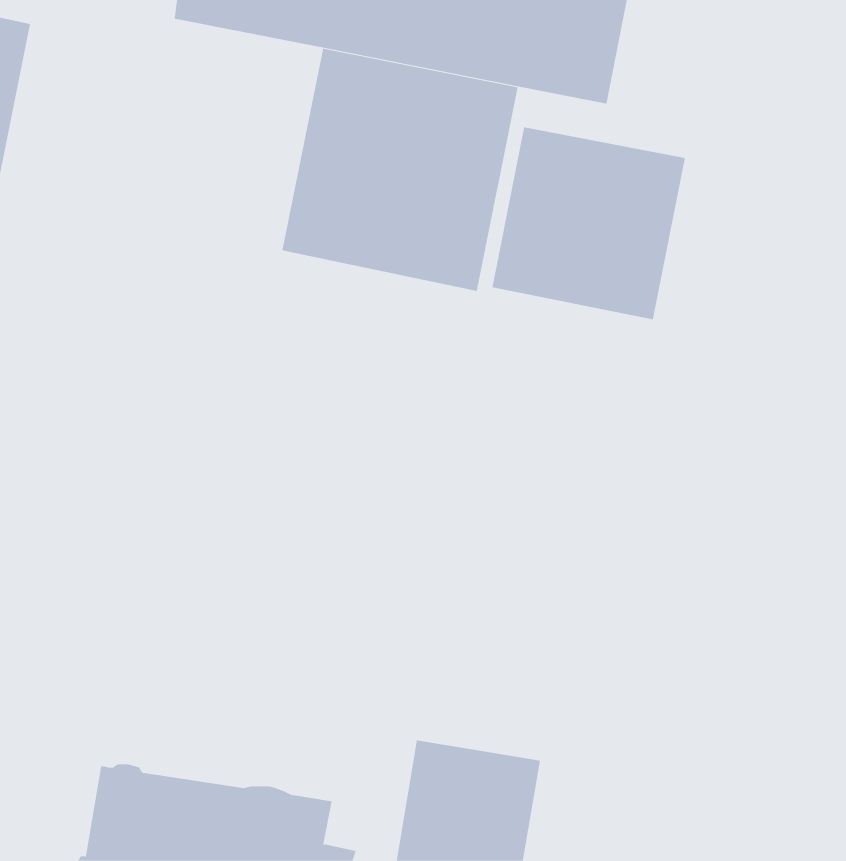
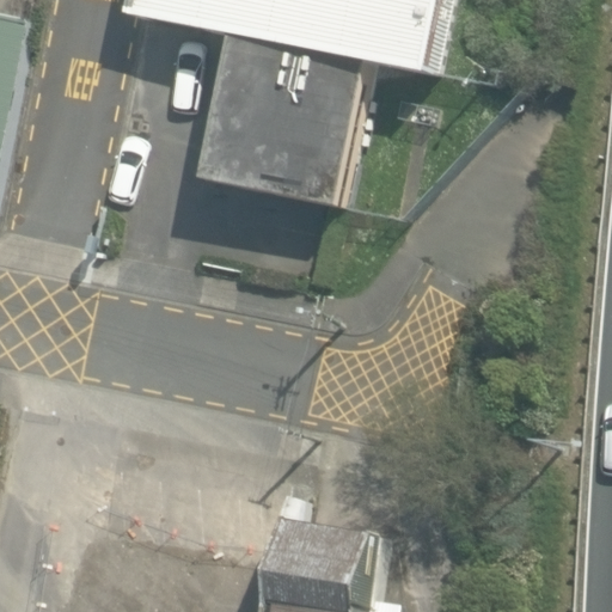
building: [492,127,686,320] -> none

